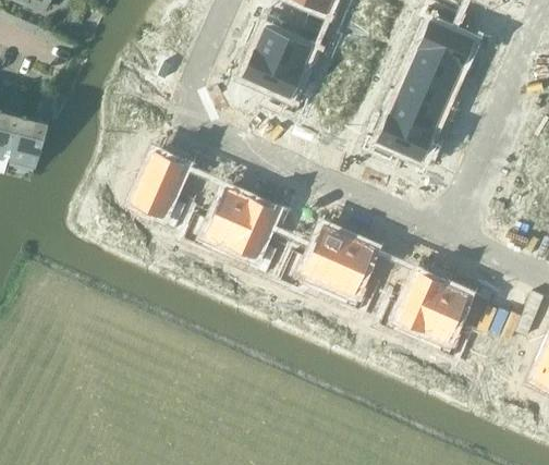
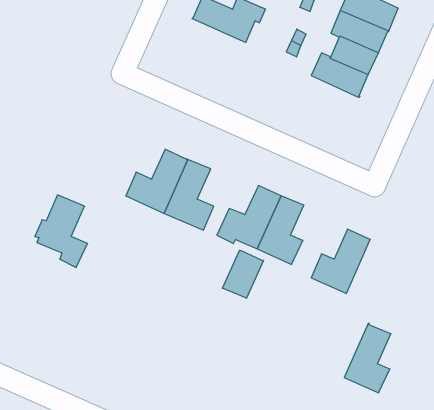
building: [245,49,313,111] -> none
building: [364,109,431,159] -> none
building: [133,150,188,227] -> [35,195,88,267]
building: [418,281,467,354] -> [344,323,391,393]
building: none -> [222,250,264,298]

